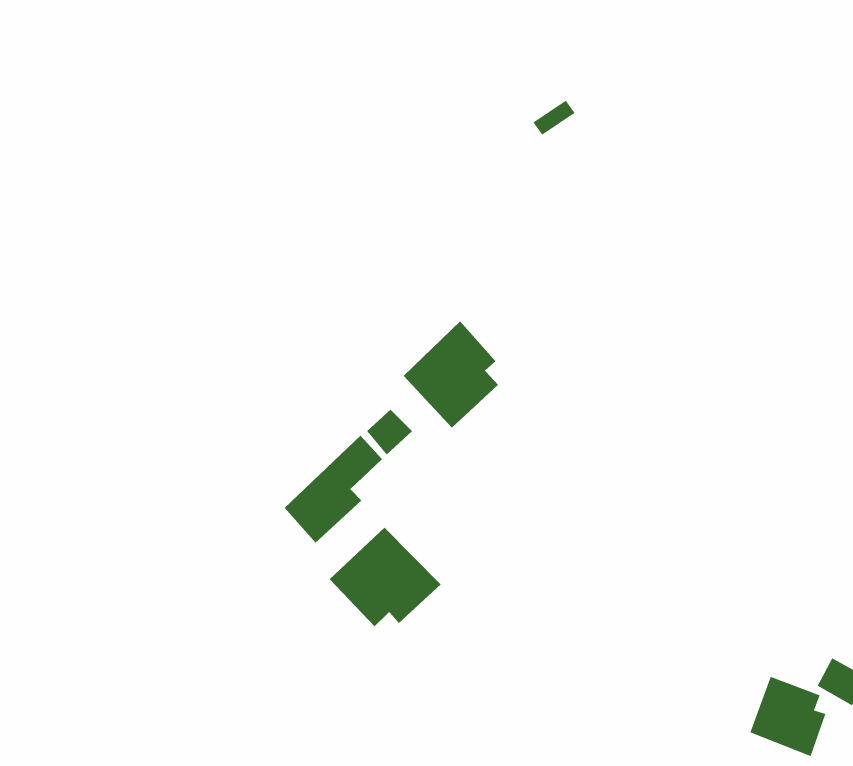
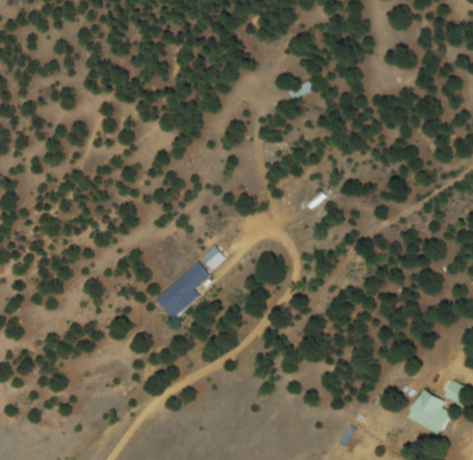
building: [403,321,499,429] -> none
building: [329,527,442,627] -> none

